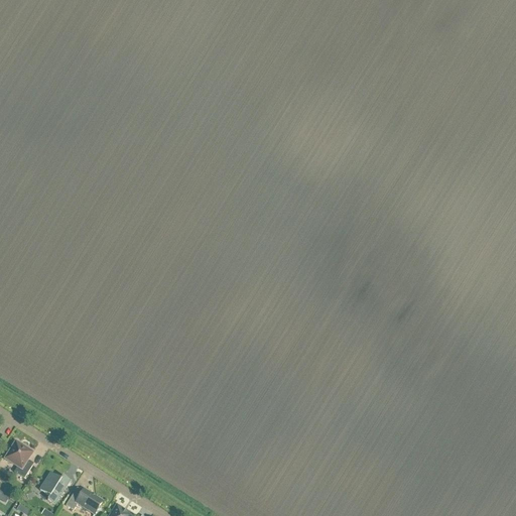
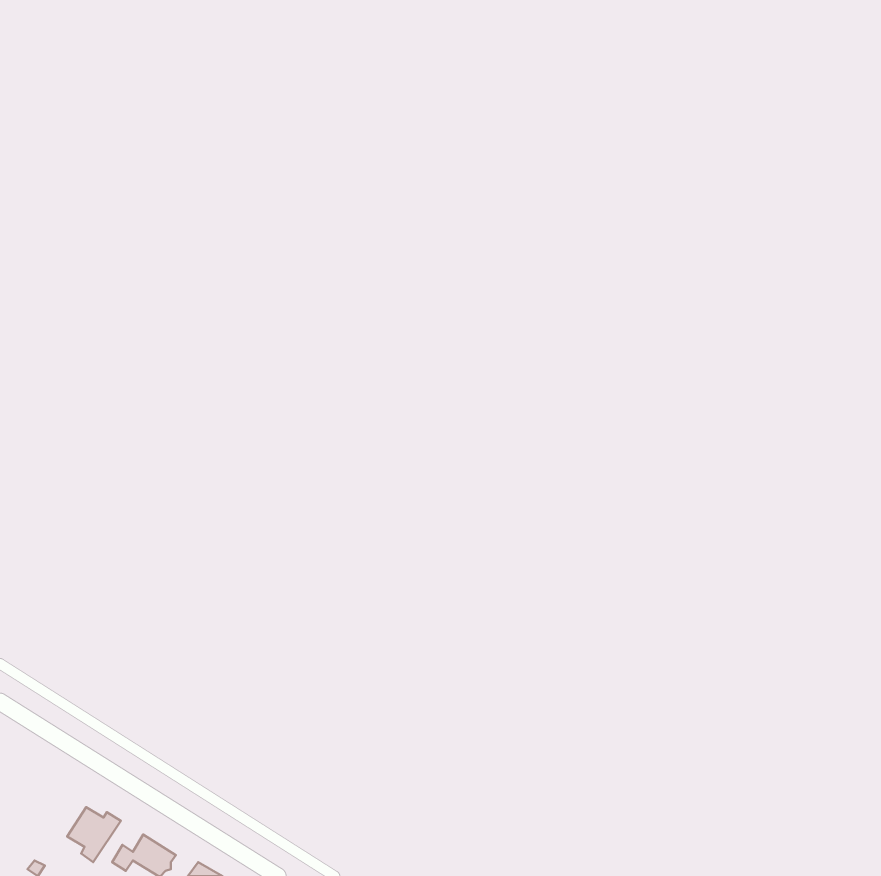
building: [4,439,33,478] -> none

